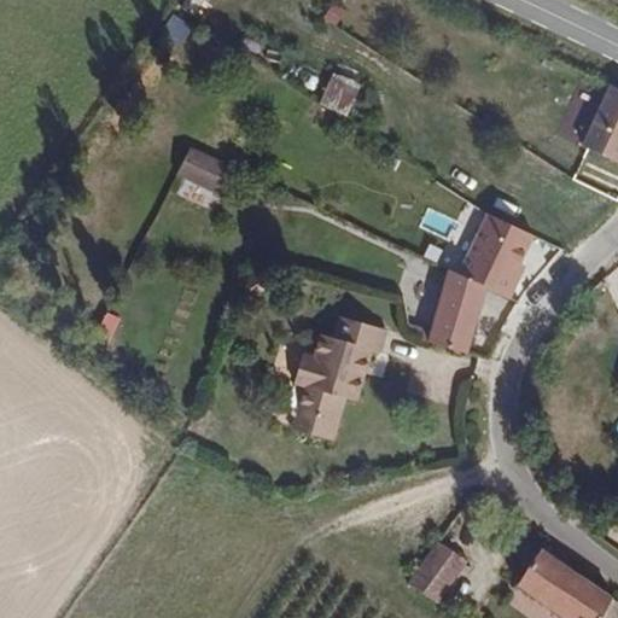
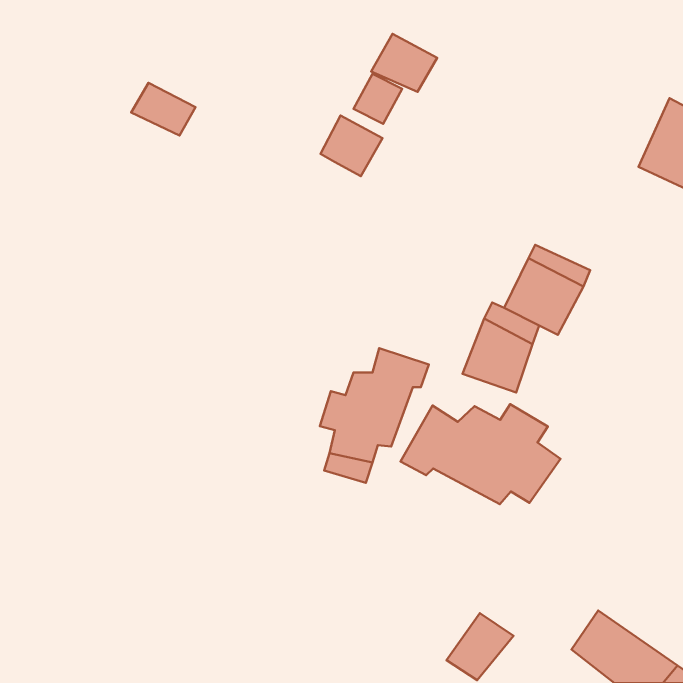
building: none -> [371,34,437,92]
building: none -> [320,115,382,176]
building: [182,145,240,192] -> [131,83,196,135]
building: none -> [401,404,561,504]

